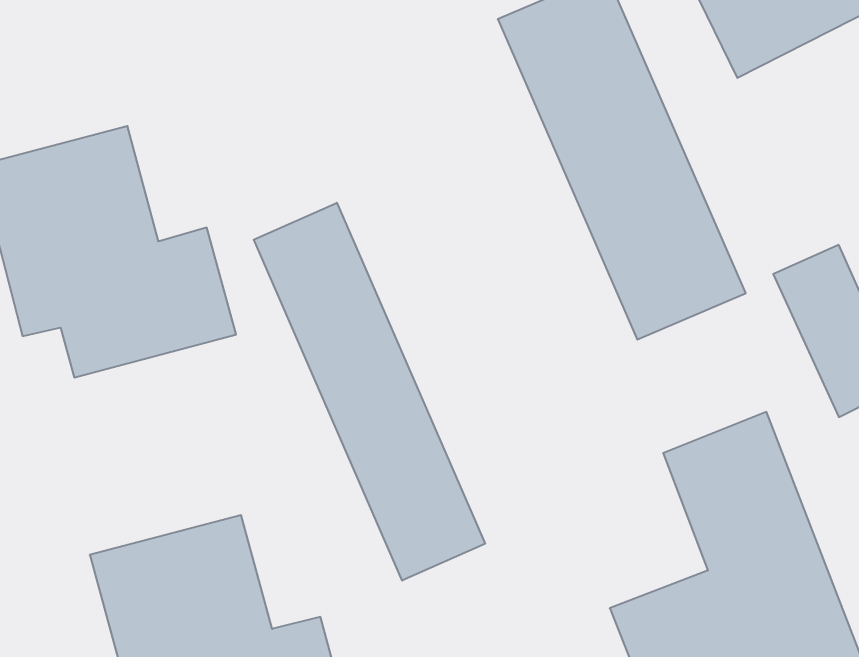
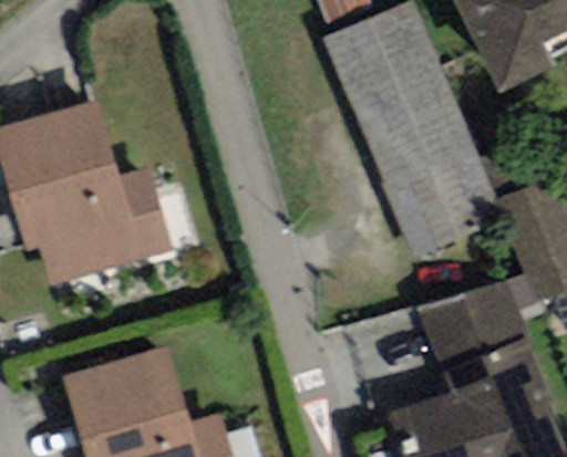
building: [254,203,485,581] -> none

